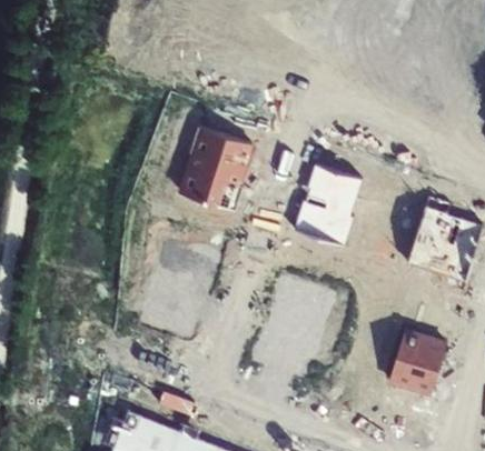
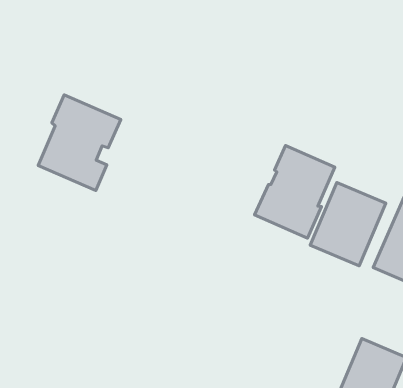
building: [182,126,254,210] -> [38,95,121,191]
building: none -> [310,183,386,266]

